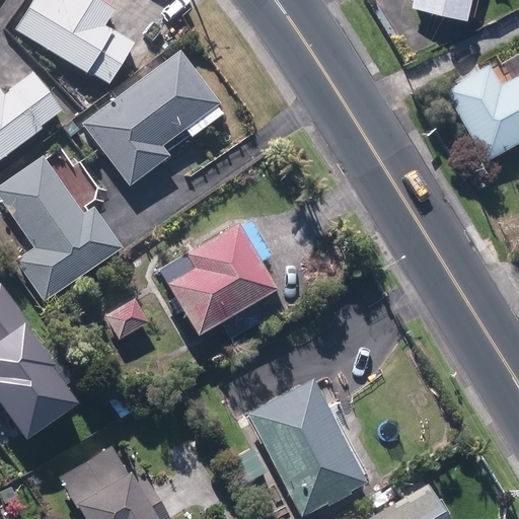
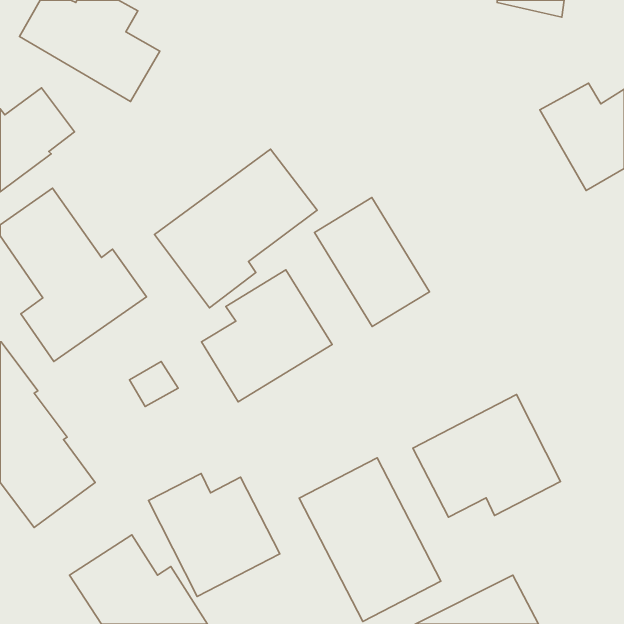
building: [84,52,219,183] -> [155,149,317,308]
building: none -> [315,198,429,327]
building: none -> [413,395,560,517]
building: none -> [148,473,280,597]

